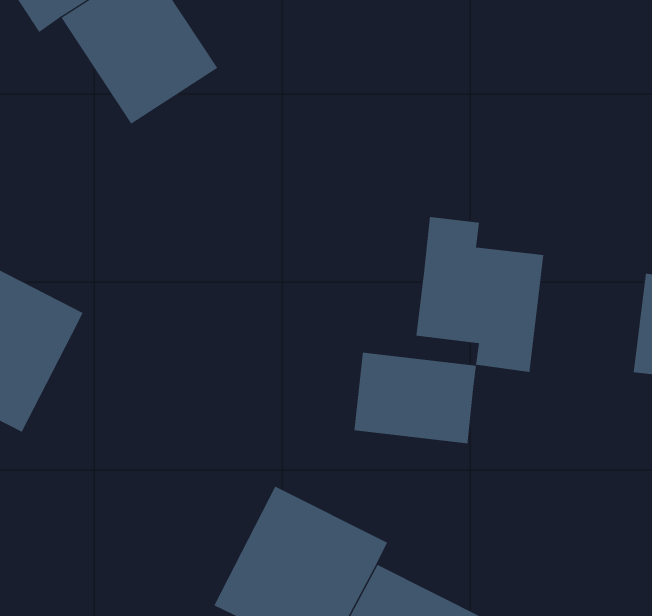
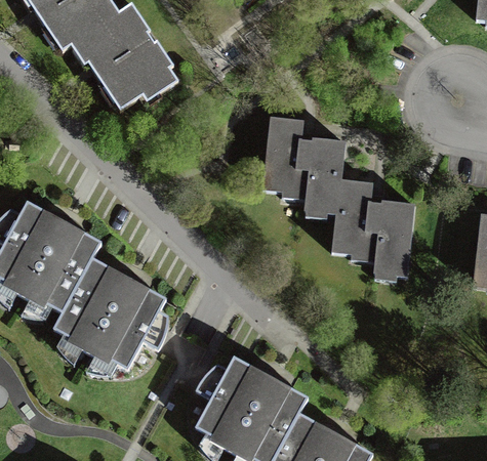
building: none -> [258,116,339,215]
building: none -> [54,256,170,374]
building: [354,352,477,444] -> none

